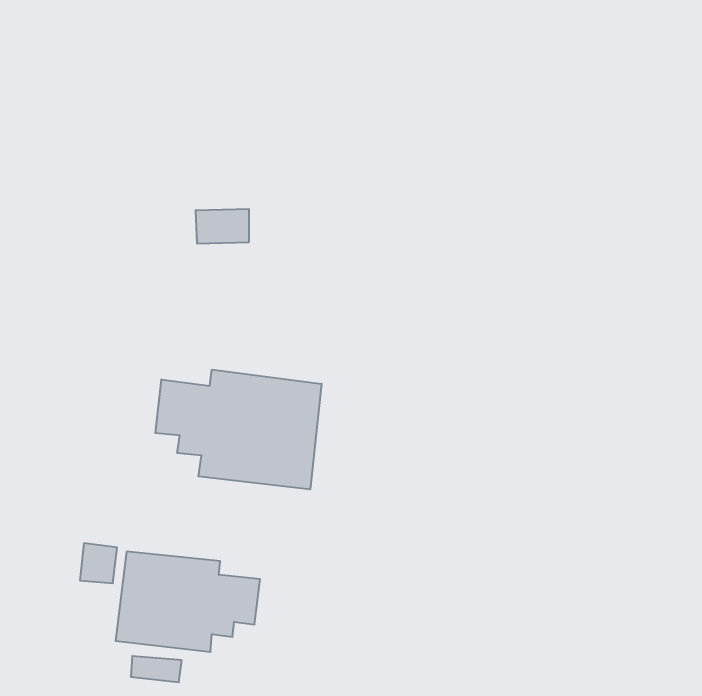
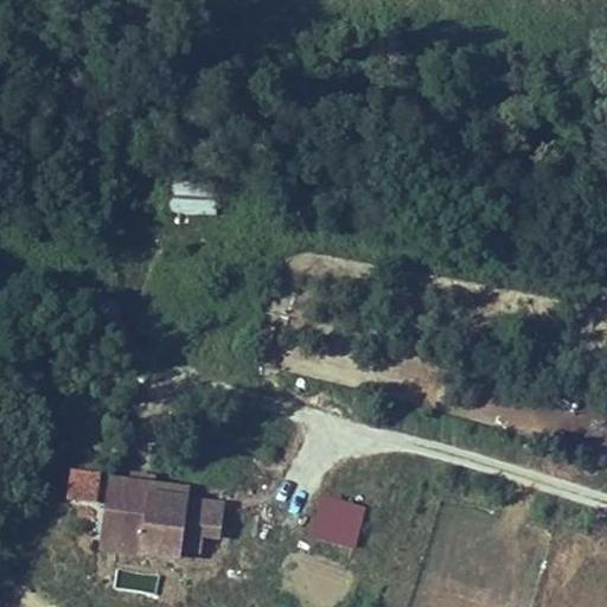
building: [155,370,322,489] -> none
building: none -> [308,493,360,545]

